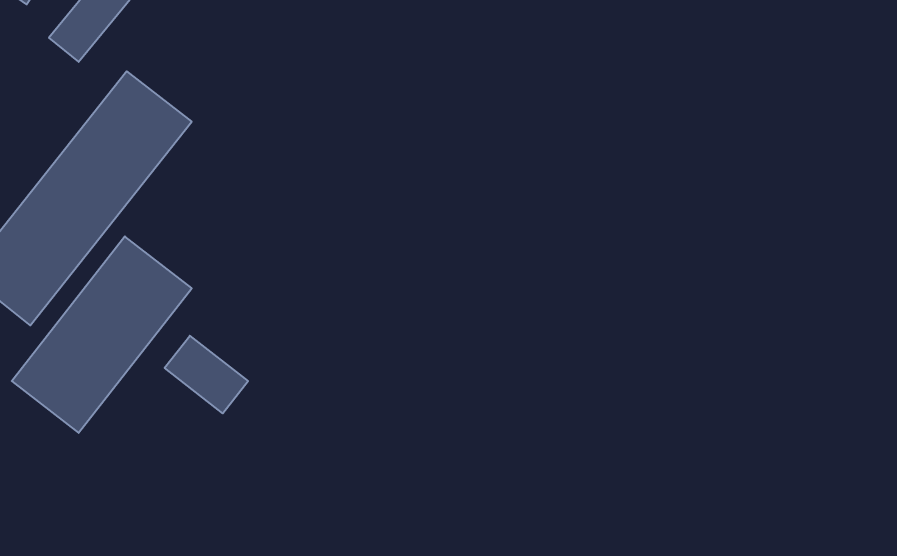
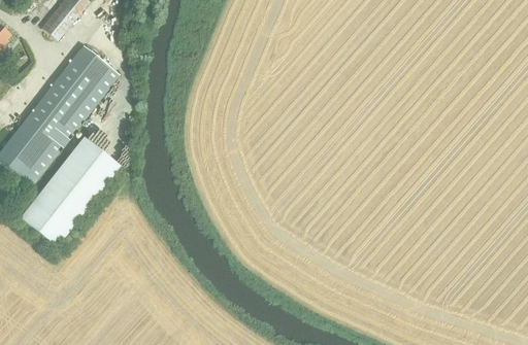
building: [165,336,248,413] -> none

